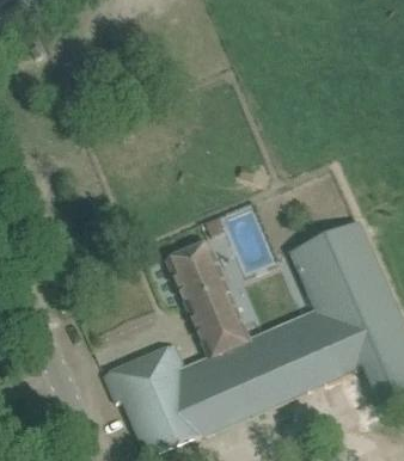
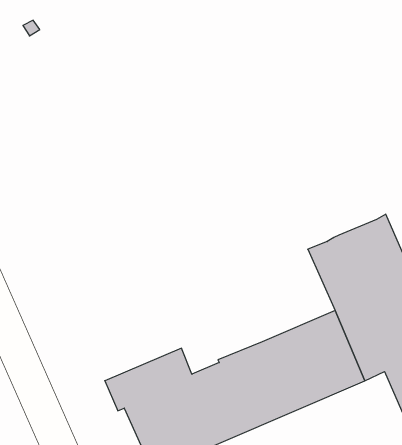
building: [166,242,247,354] -> none

